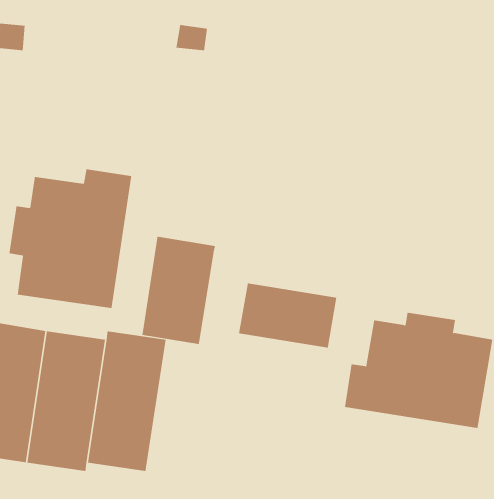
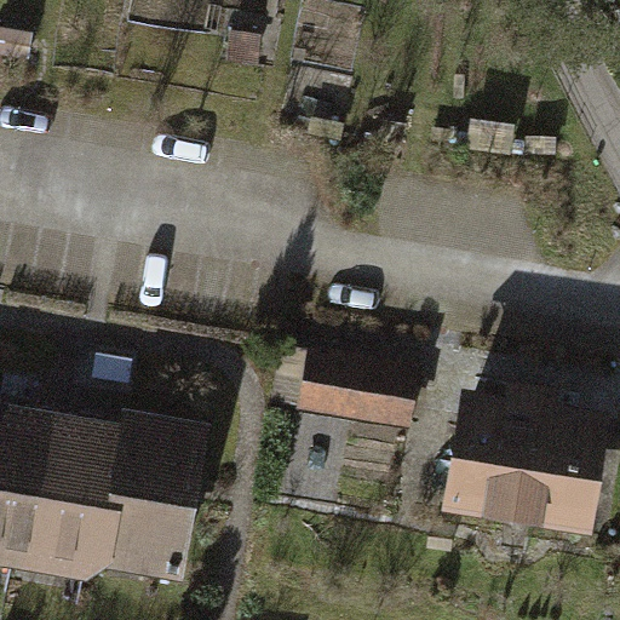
building: [9,169,132,309] -> none
building: [142,236,216,345] -> none

